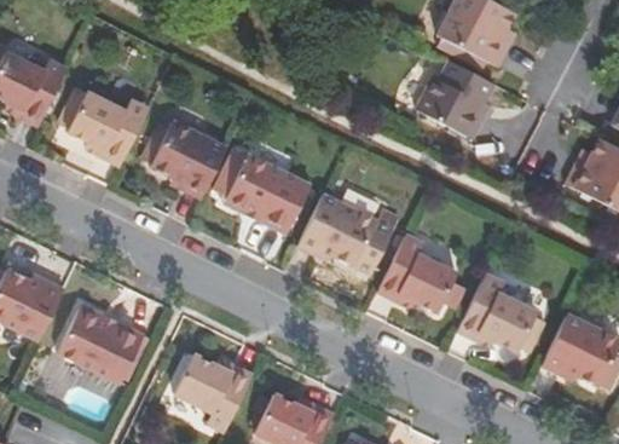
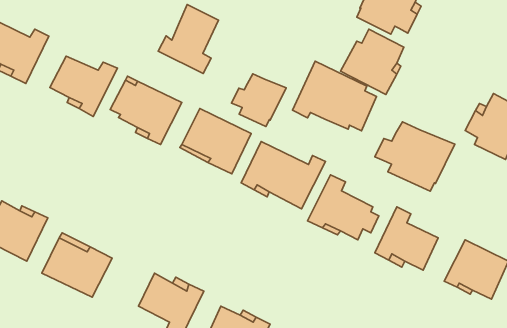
building: none -> [158,5,219,74]
building: none -> [292,61,377,131]
building: none -> [232,74,286,126]
building: none -> [375,122,455,191]

